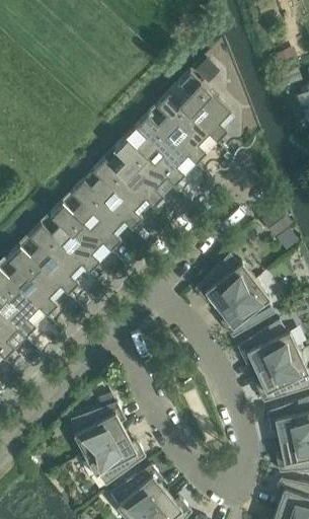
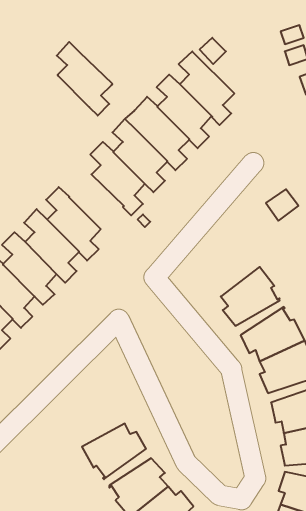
building: [71,180,125,251] -> [57,42,112,116]
building: [195,252,255,308] -> none
building: [70,393,126,453] -> none

